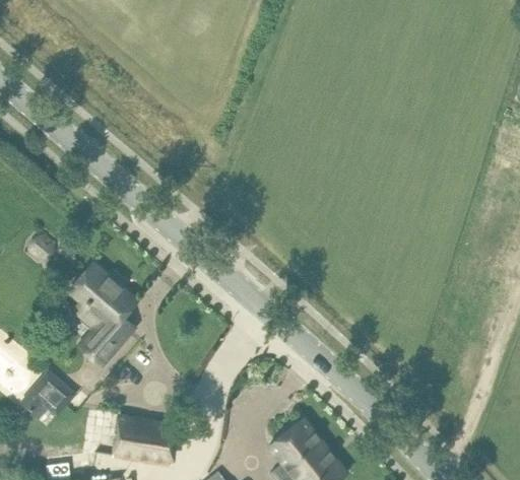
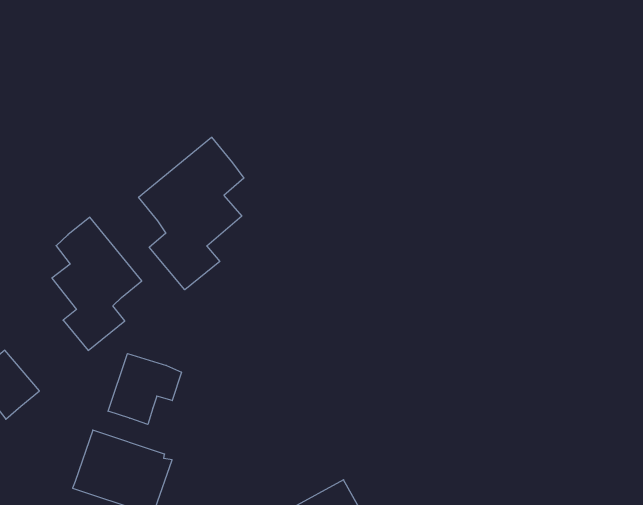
building: none -> [139,137,244,290]
building: none -> [108,354,181,424]

